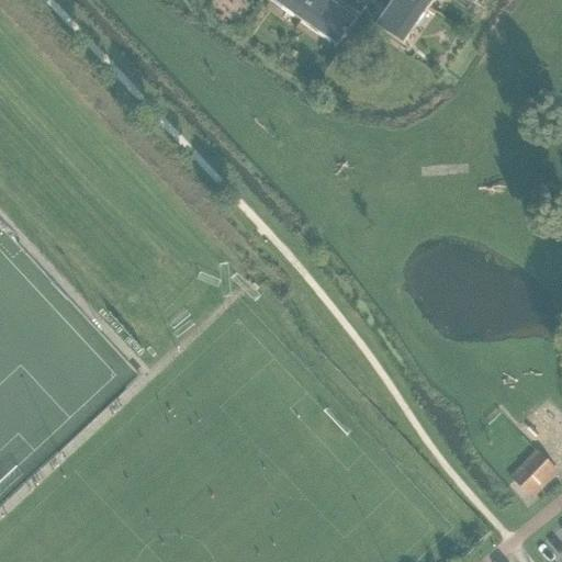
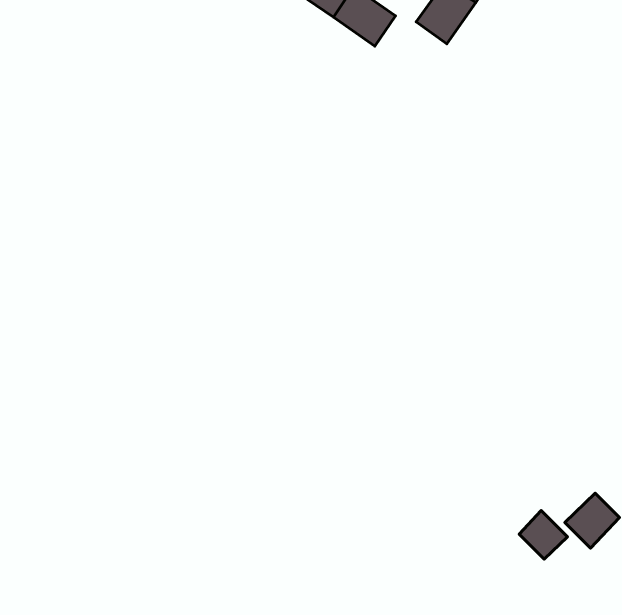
building: none -> [519,511,568,559]

